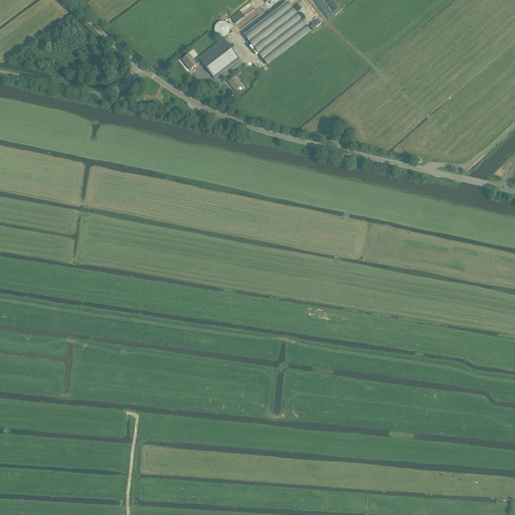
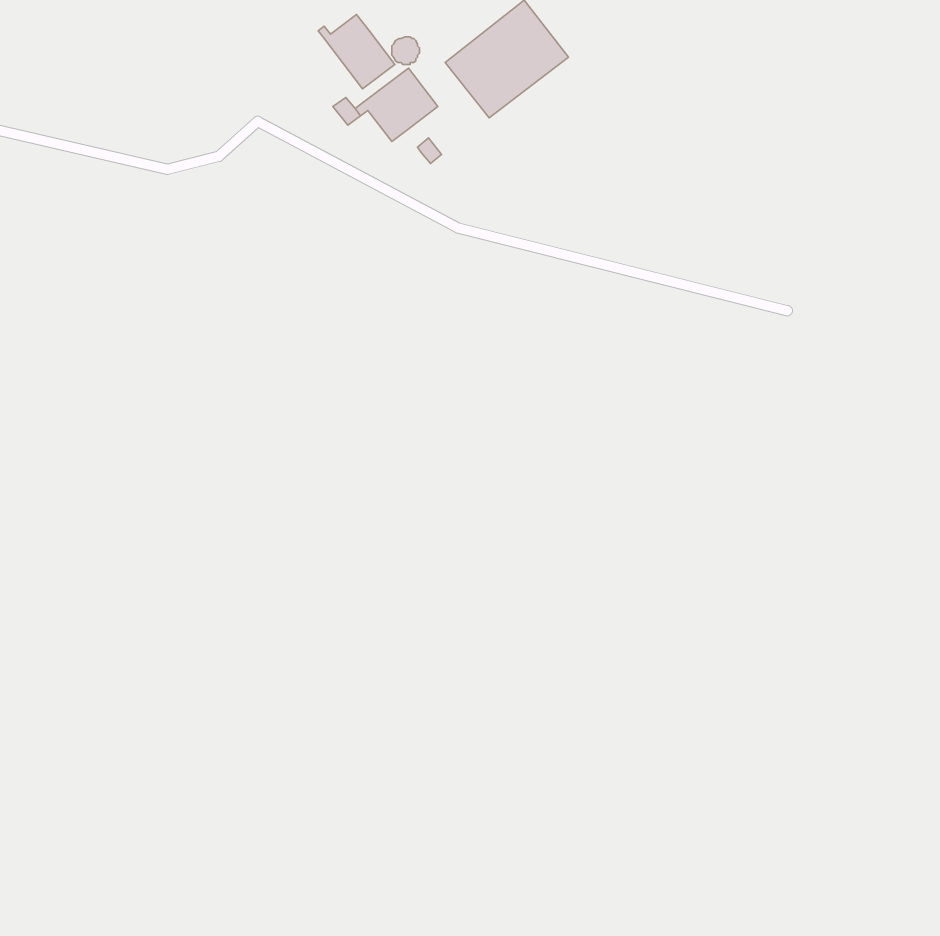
building: none -> [318,14,395,89]

